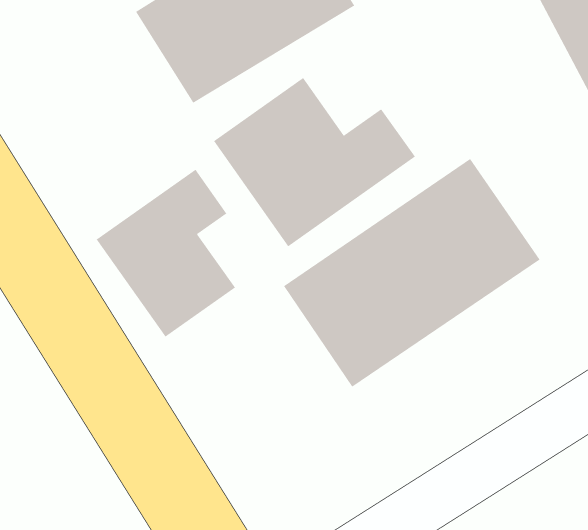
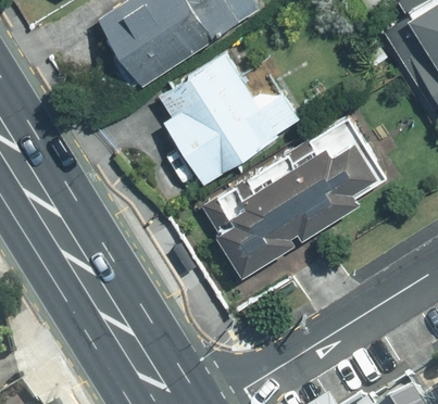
building: [96,169,236,338] -> none

